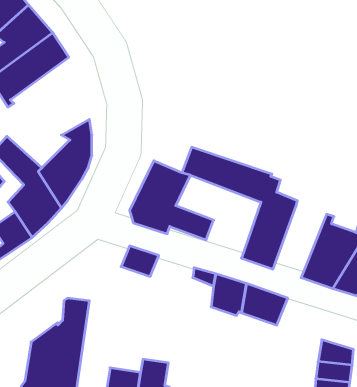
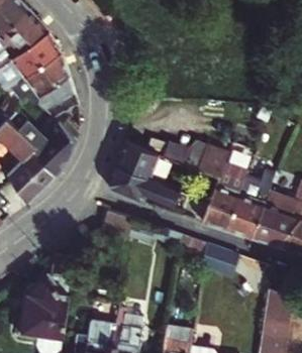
building: none -> [10,54,73,112]
building: none -> [228,174,275,237]

